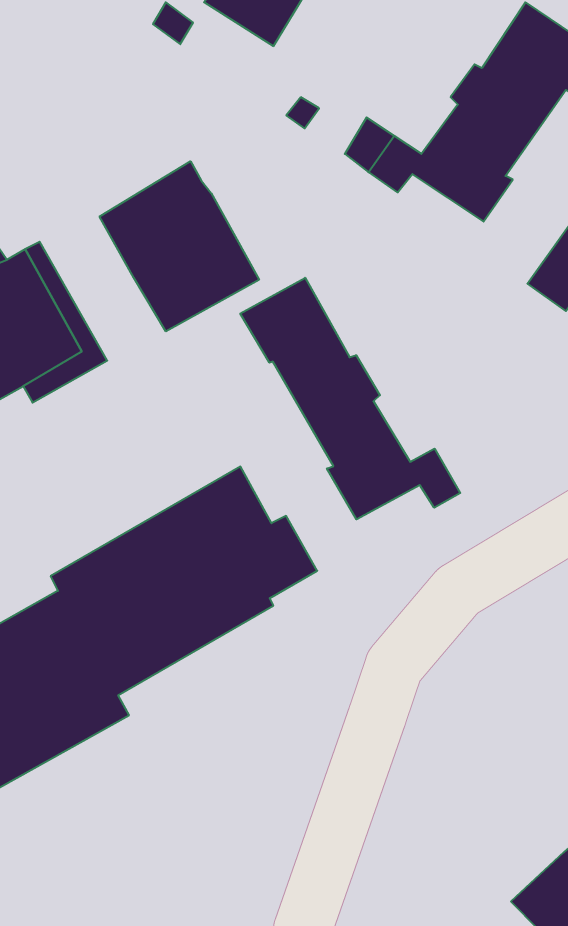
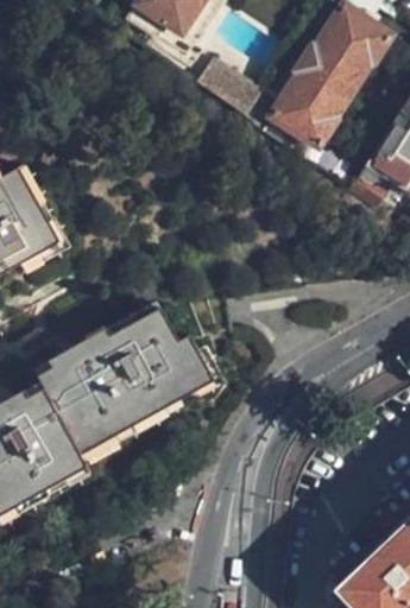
building: [100,161,259,331] -> none
building: [240,278,460,519] -> none

